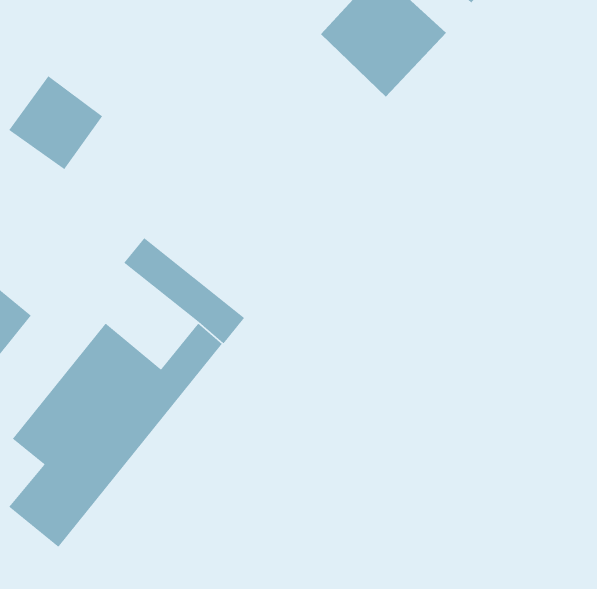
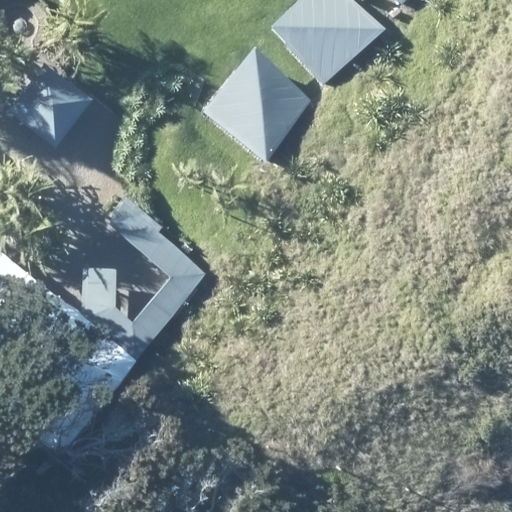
building: none -> [205,49,311,156]

